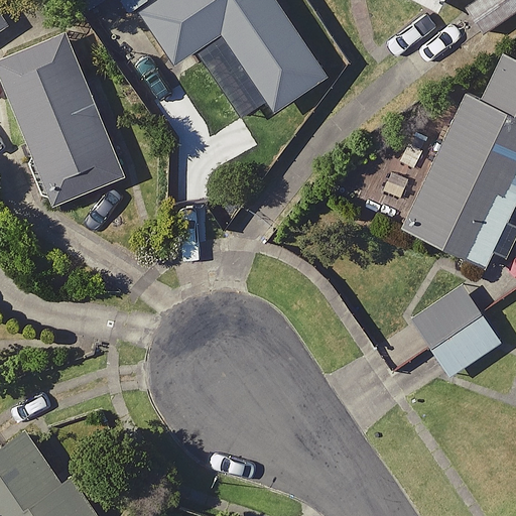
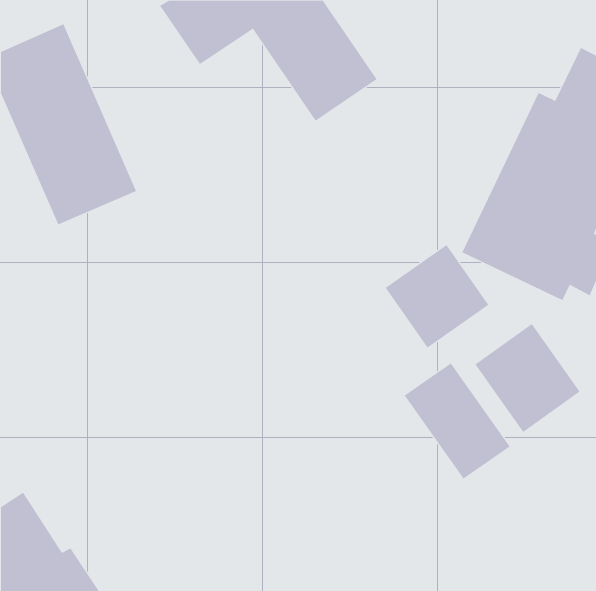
building: none -> [385,244,489,349]
building: none -> [404,362,510,479]

